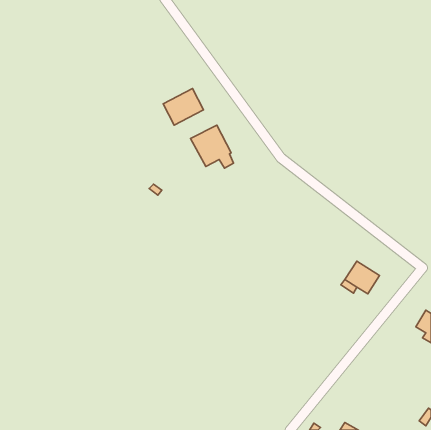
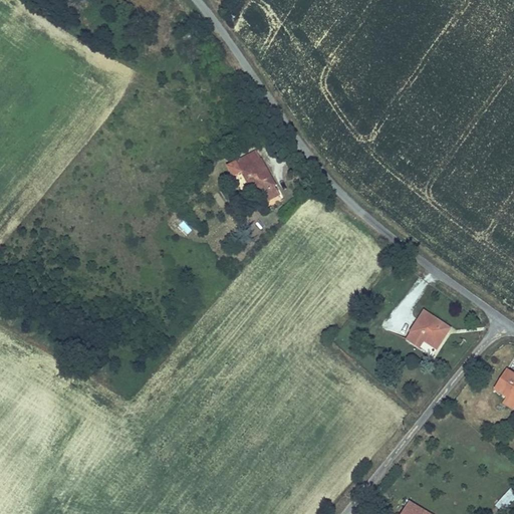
building: [163,89,204,125] -> none

